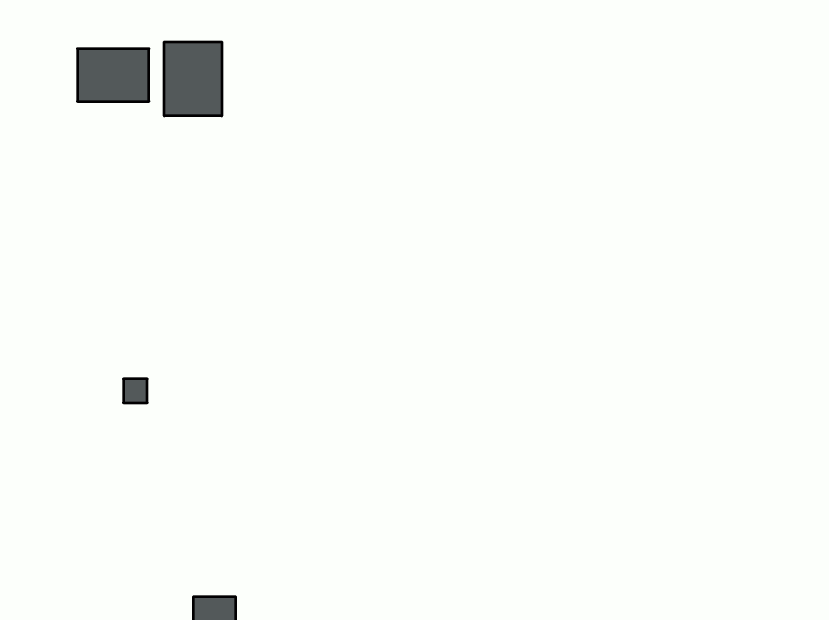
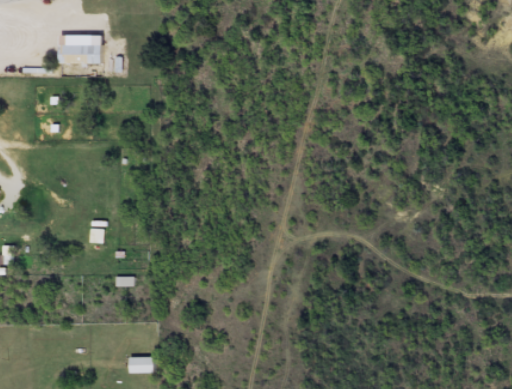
building: [164,42,222,116] -> none

